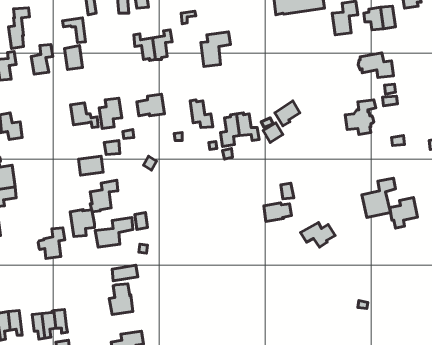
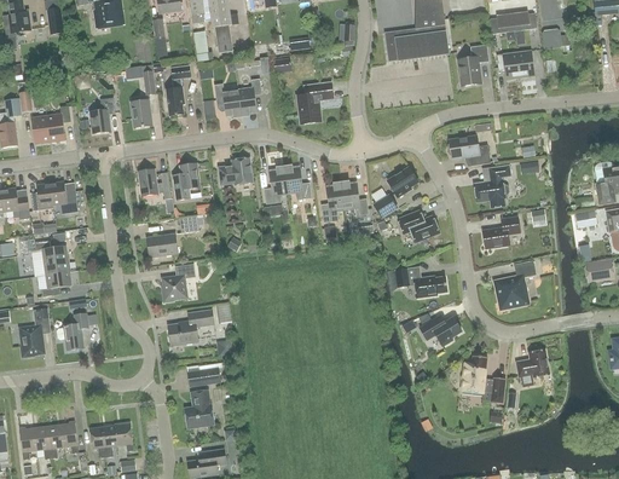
building: [9,8,29,48] -> [164,65,190,115]
building: [358,53,394,78] -> [446,134,490,165]
building: none -> [264,166,287,203]
building: none -> [397,210,438,241]
building: none -> [481,217,519,247]
building: [390,198,417,228] -> [515,348,549,386]
building: [264,203,291,222] -> [412,275,446,298]
building: [70,210,95,237] -> none
building: [38,228,65,258] -> [56,312,88,350]
building: none -> [459,354,504,402]

